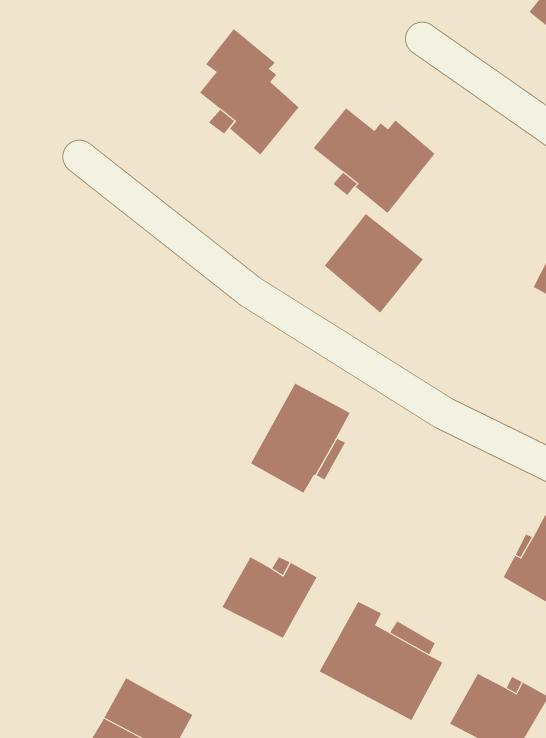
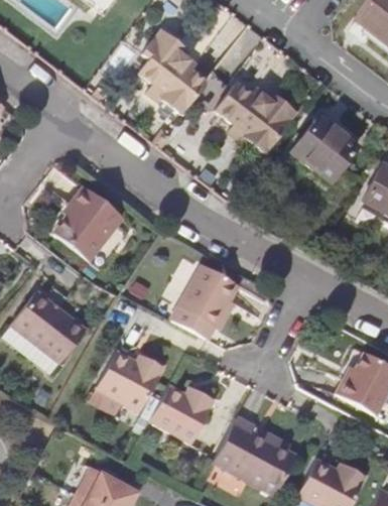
building: [324,213,424,313] -> [288,115,356,182]
building: none -> [50,186,120,260]
building: none -> [8,289,83,361]
building: none -> [97,350,164,408]

